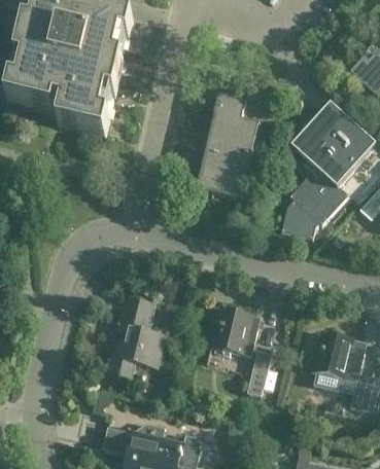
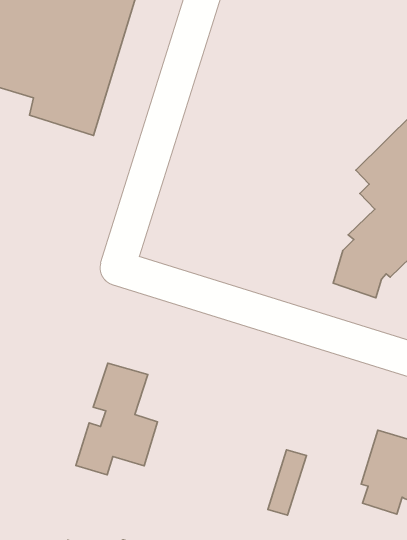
building: [196,92,283,201] -> none
building: [210,308,260,356] -> none

